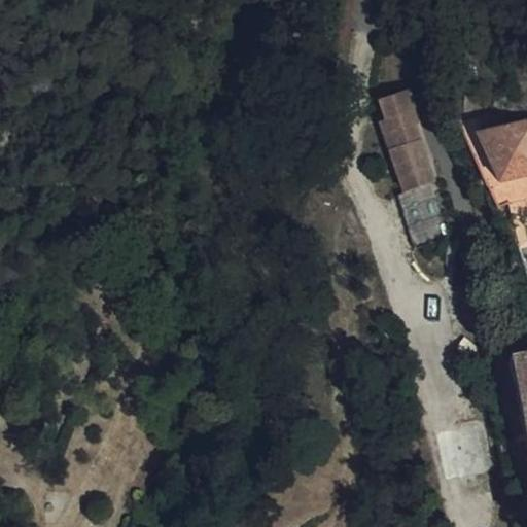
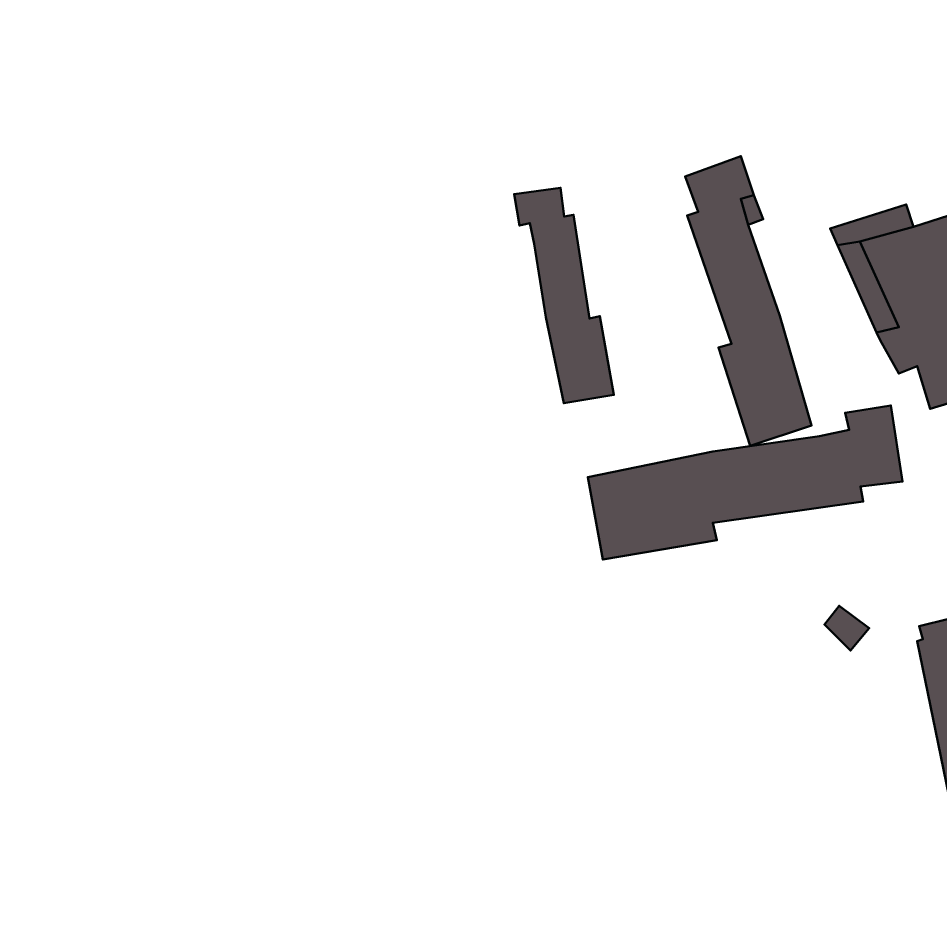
building: none -> [514,188,614,403]
building: none -> [588,406,902,560]

